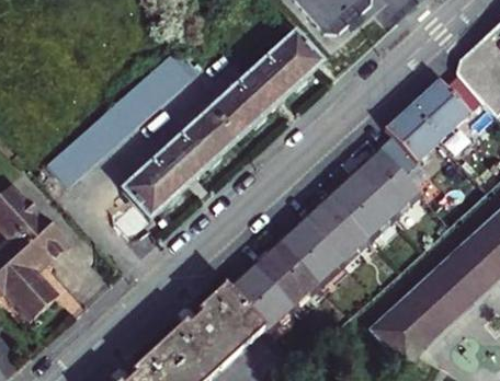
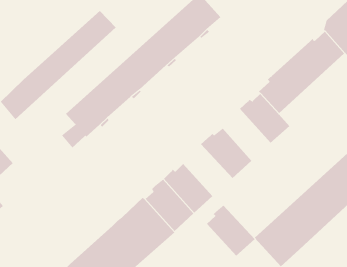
building: [329,172,389,238] -> none
building: [279,217,341,282] -> [206,205,255,257]

